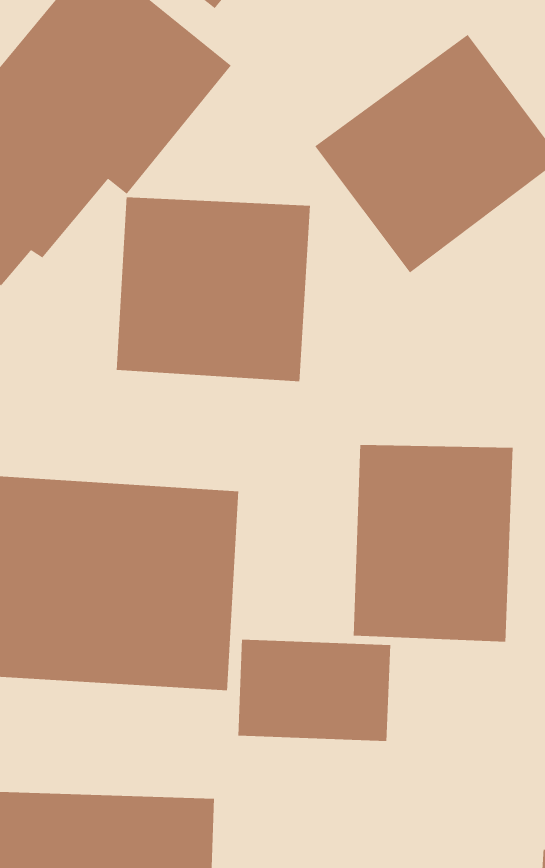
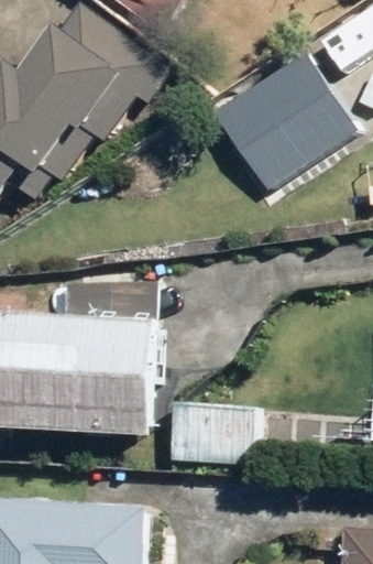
building: [116,196,311,382] -> none
building: [353,444,514,642] -> none

